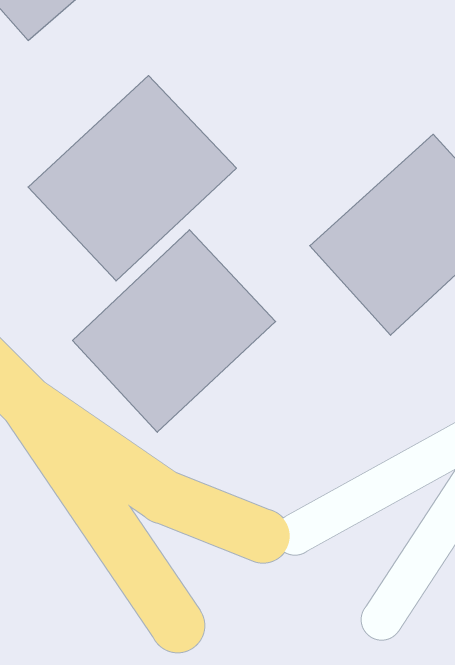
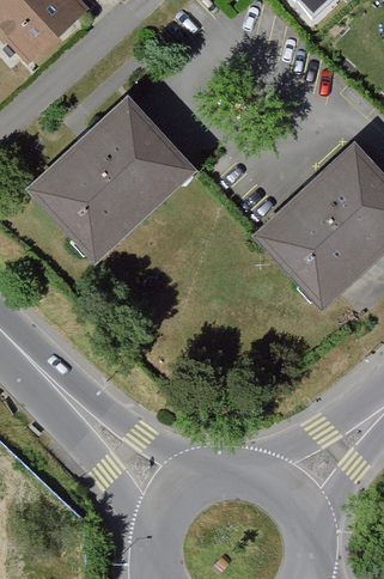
building: [73,230,276,432] -> none

